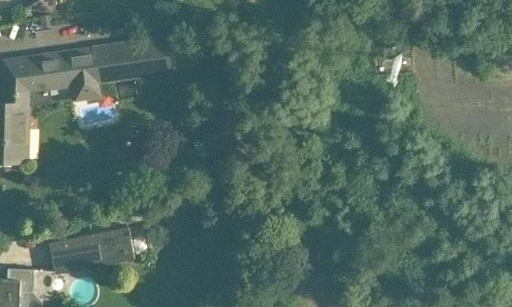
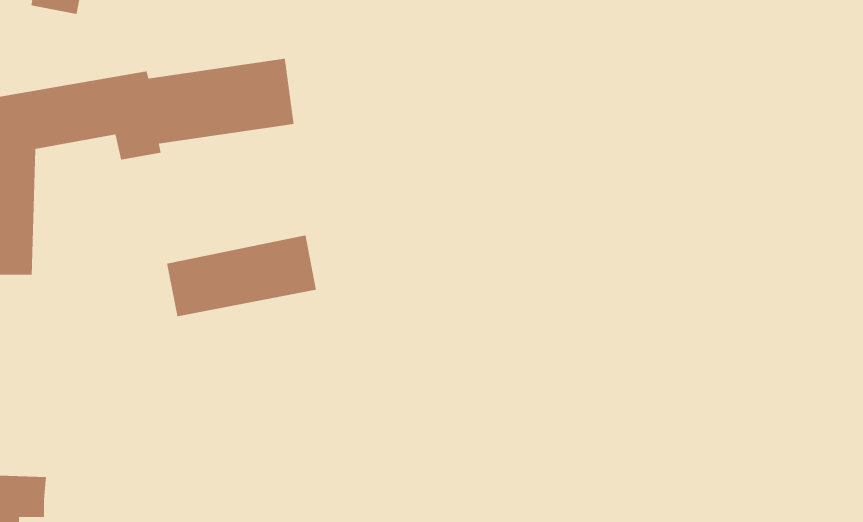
building: [50,228,134,274] -> [166,234,317,317]

